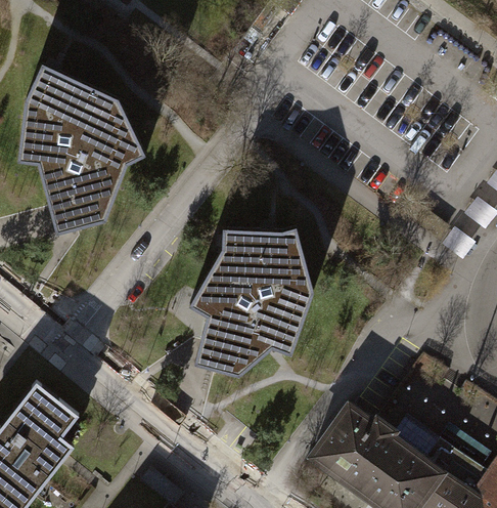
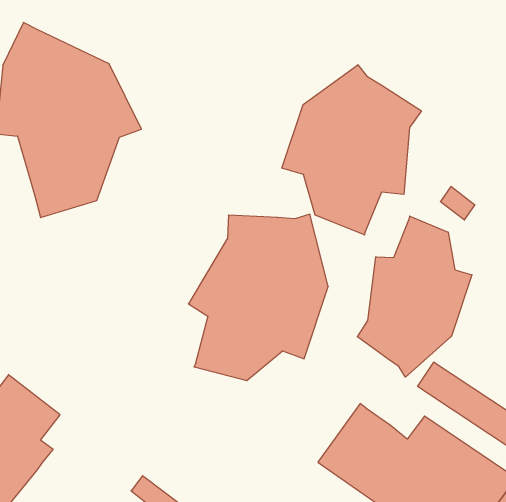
building: none -> [282,65,421,235]
building: none -> [357,216,472,377]

